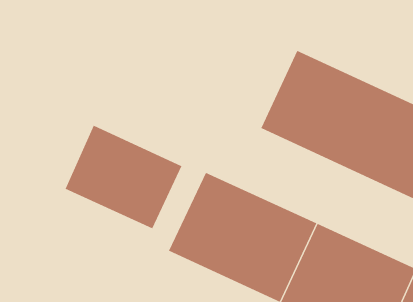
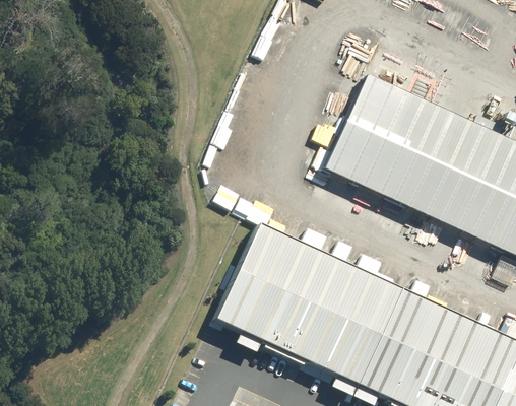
building: [65,125,182,229] -> none

